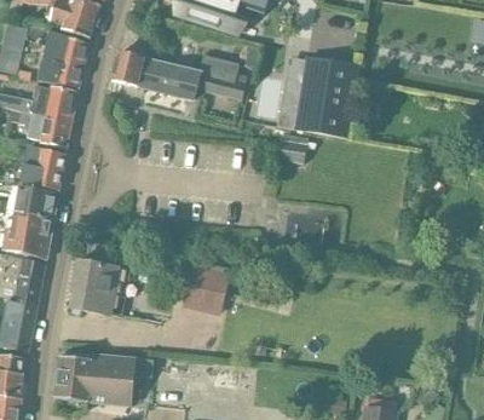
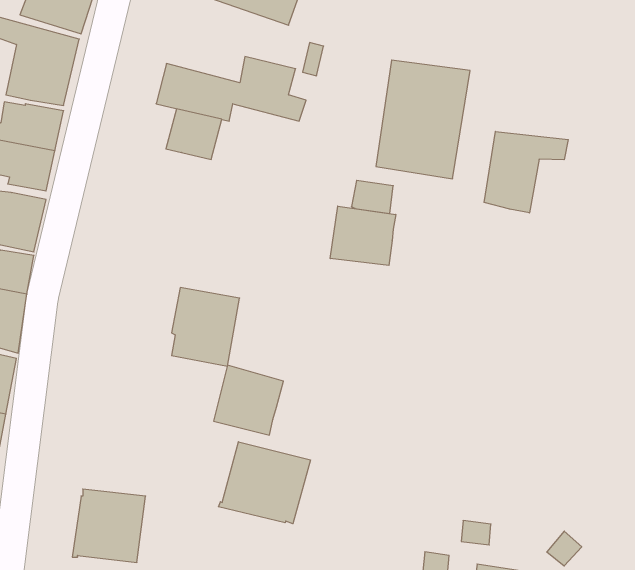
building: [110,51,149,86] -> [166,109,222,159]
building: none -> [484,131,568,213]
building: none -> [330,206,396,265]
building: [70,259,117,313] -> [172,288,240,366]
building: none -> [218,442,310,524]
building: [52,355,90,401] -> none

